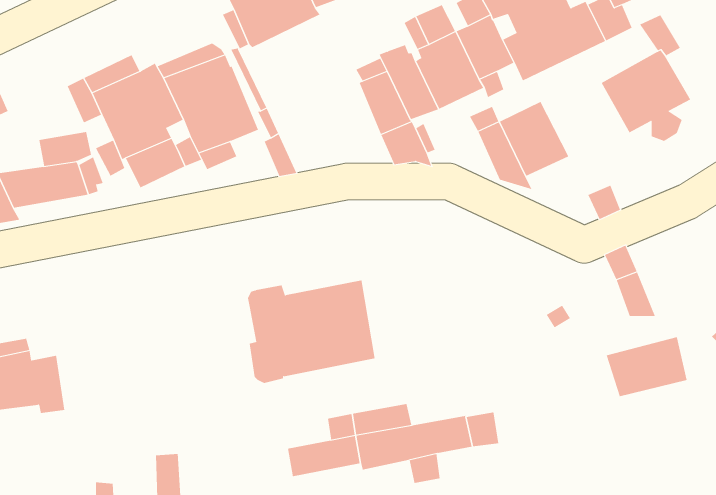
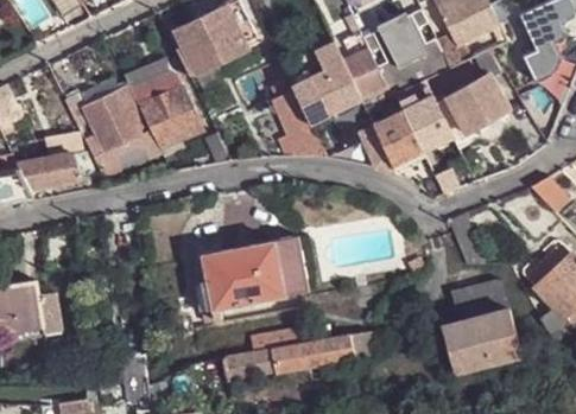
building: none -> [403,96,452,149]
building: none -> [276,234,310,293]
building: none -> [445,310,520,372]

